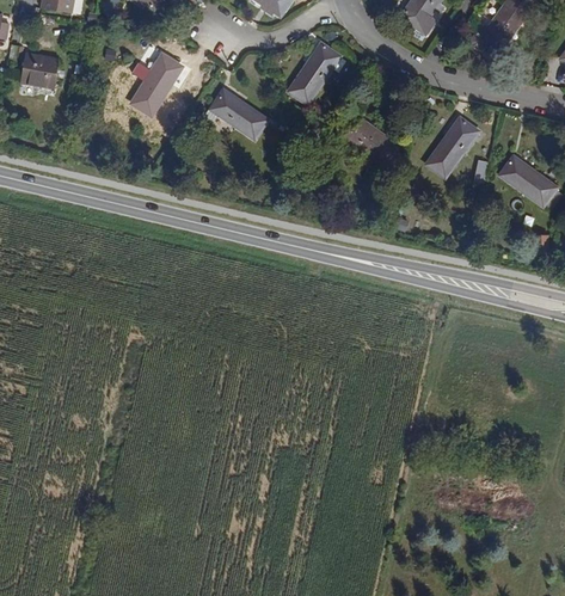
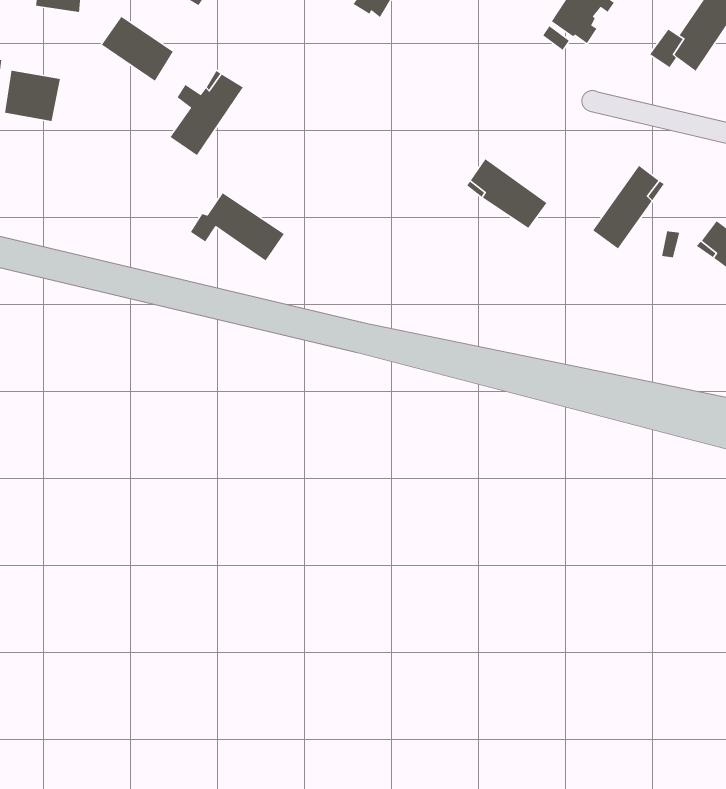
building: none -> [101,16,174,82]
building: [287,42,345,103] -> none
building: [201,90,266,137] -> [190,192,285,261]

